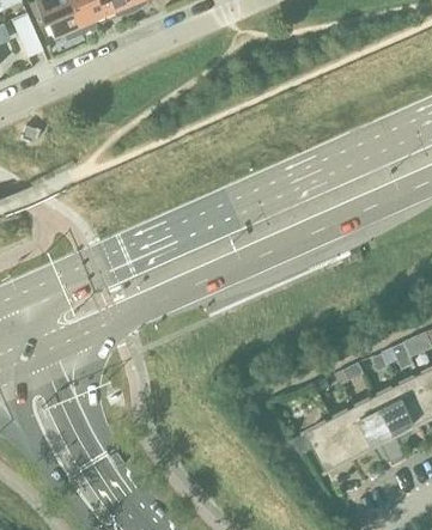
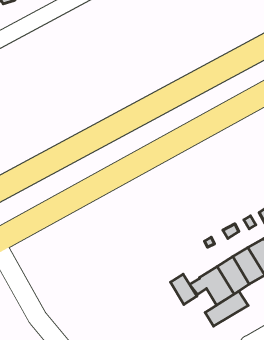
building: none -> [171,274,197,304]
building: none -> [205,291,248,326]

